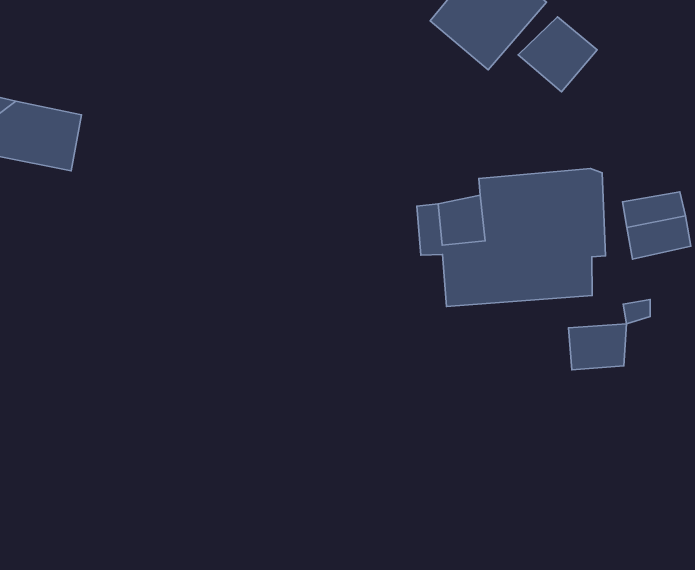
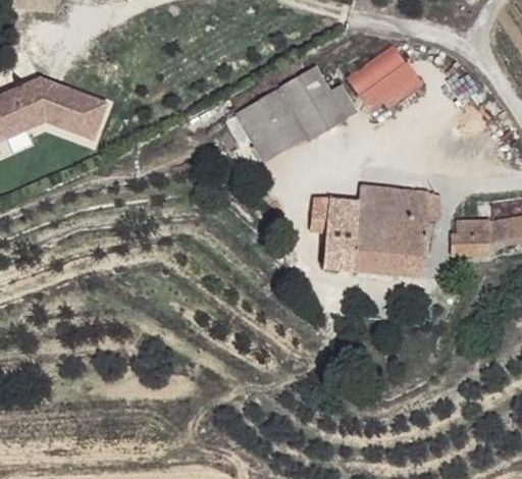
building: none -> [233,67,359,164]
building: [518,17,597,92] -> none
building: [569,324,626,370] -> none

